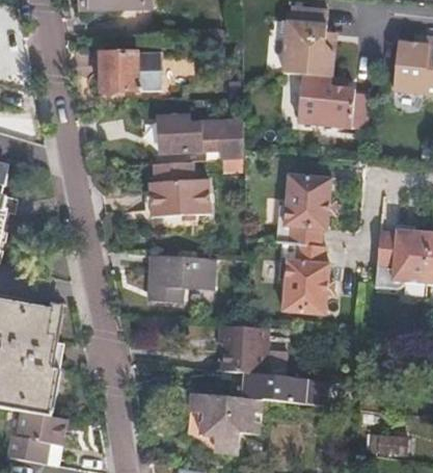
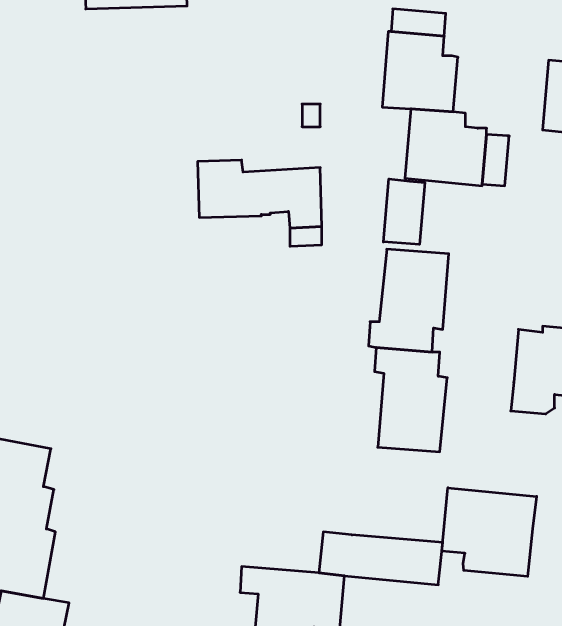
building: [99,51,164,91] -> none
building: none -> [383,179,425,244]
building: [147,161,208,215] -> none
building: [150,254,214,300] -> none
building: [223,323,269,371] -> none
building: none -> [442,488,537,576]

